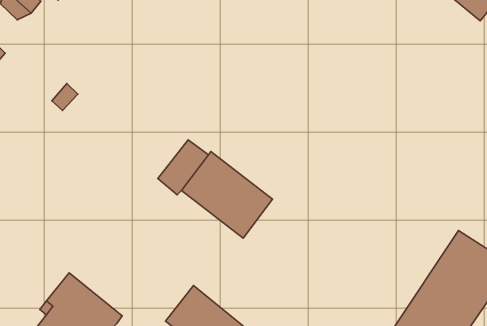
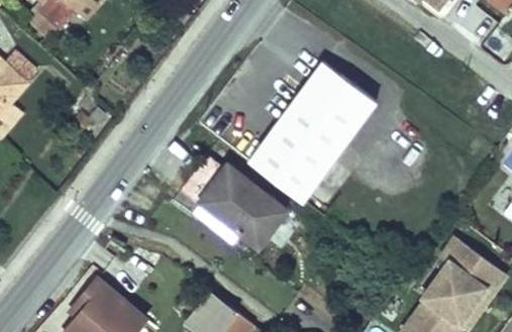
building: none -> [245,60,374,201]

